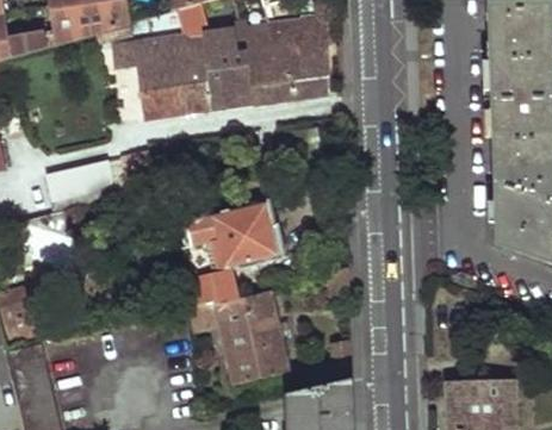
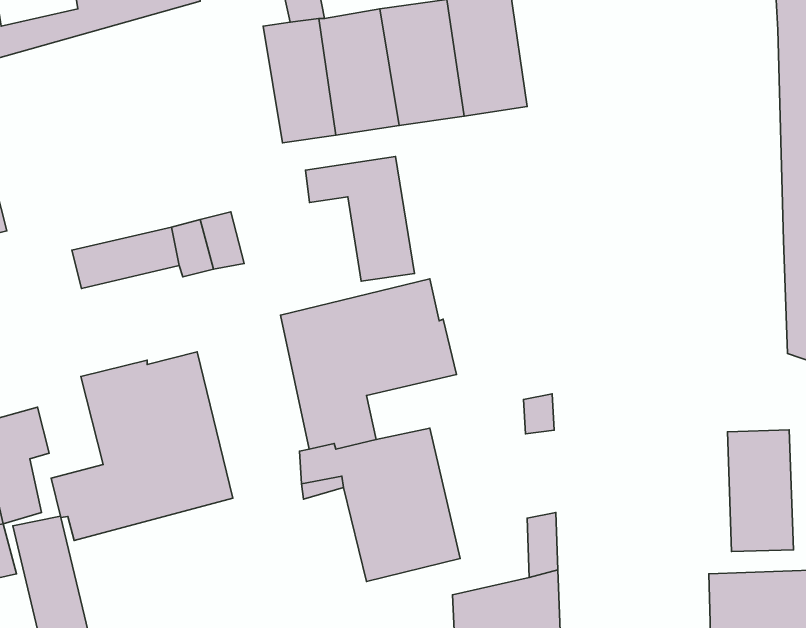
building: [112,39,180,117] -> [306,157,415,281]
building: none -> [51,352,233,541]
building: none -> [727,430,793,552]

